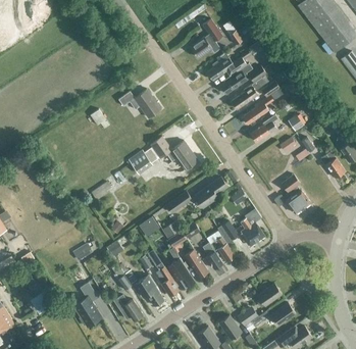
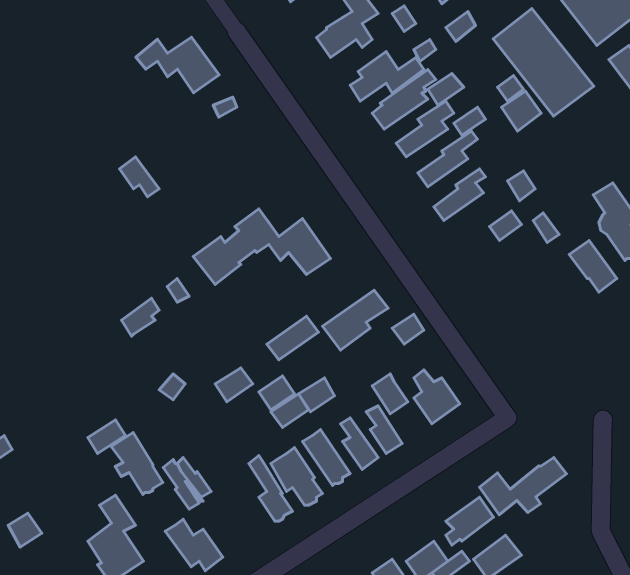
building: none -> [493,8,594,116]
building: [118,90,161,118] -> [136,37,219,93]
building: [282,174,311,214] -> none
building: none -> [480,458,567,515]
building: [138,276,164,307] -> [111,433,163,494]

